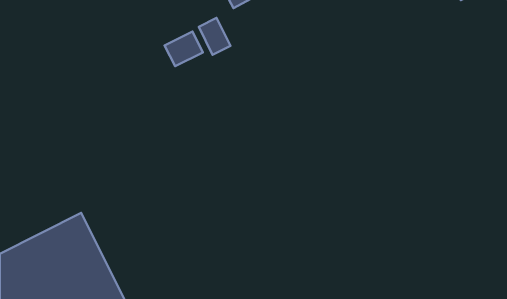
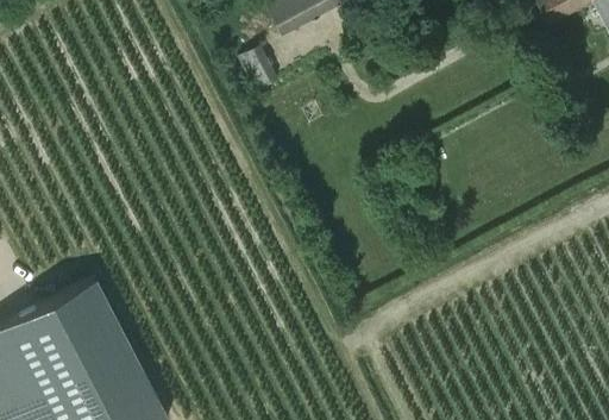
building: [165,31,203,66] -> none

